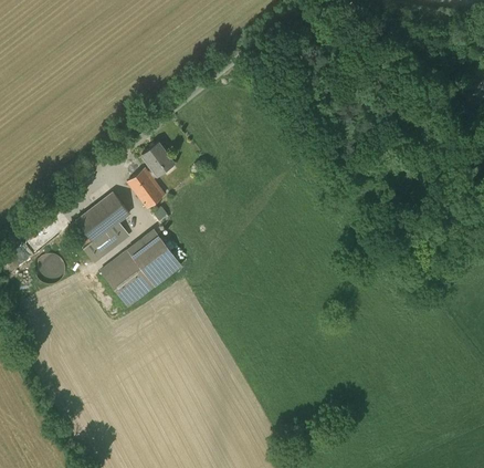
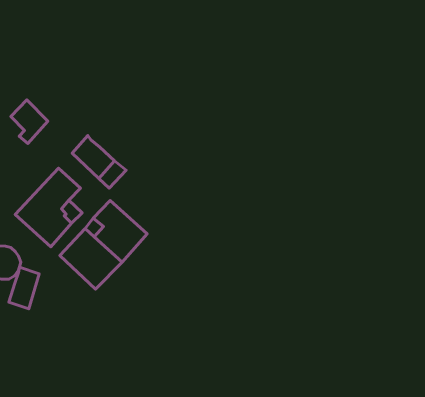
building: [141,141,173,179] -> [11,100,48,143]
building: none -> [9,267,39,309]

